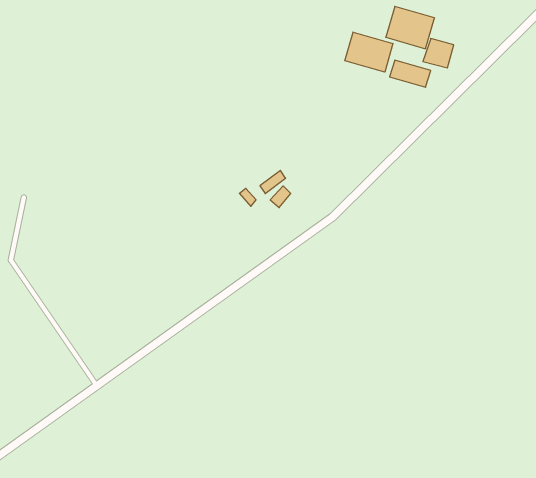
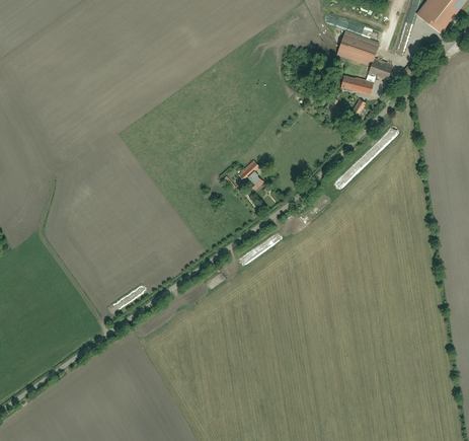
building: [345,32,393,72] -> none

